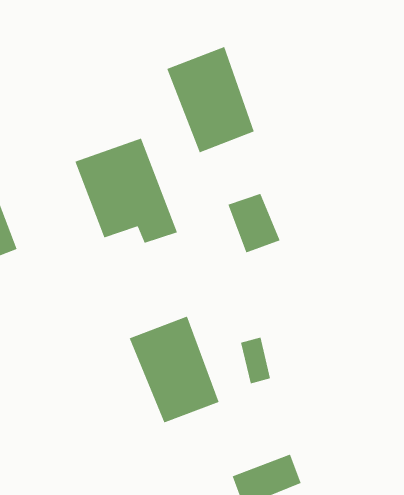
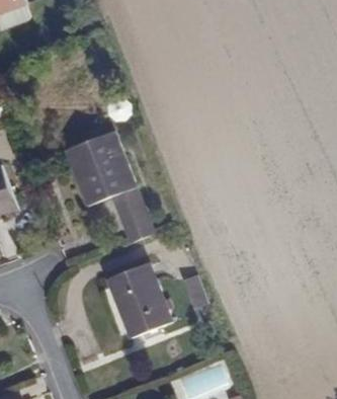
building: [166,46,255,153] -> none
building: [228,193,280,253] -> [113,196,152,240]

